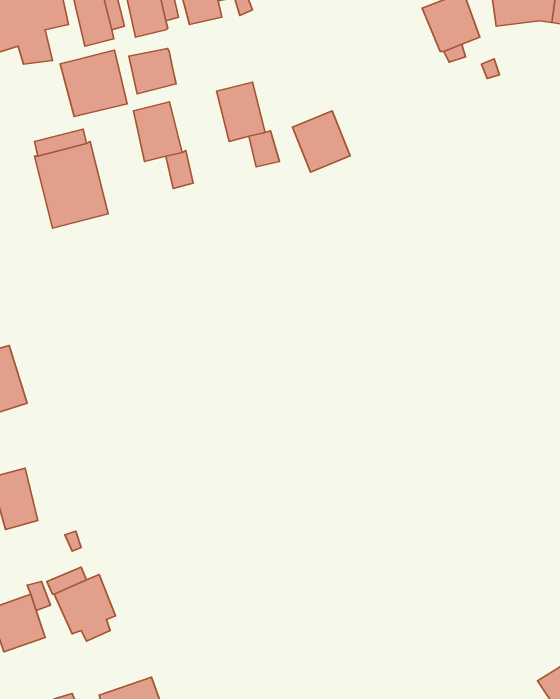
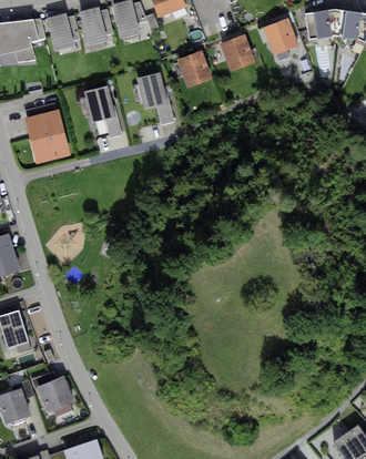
building: none -> [220,35,254,72]
building: [129,49,176,94] -> none
building: [60,50,127,116] -> none
building: [293,111,350,172] -> [175,50,211,88]

